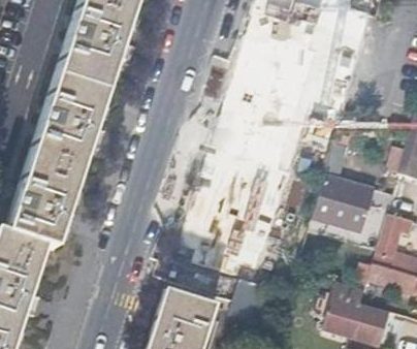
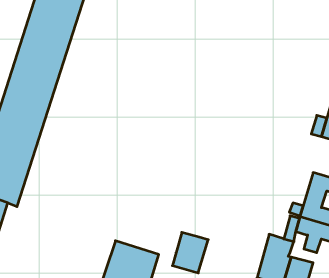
building: [316,173,382,233] -> none

